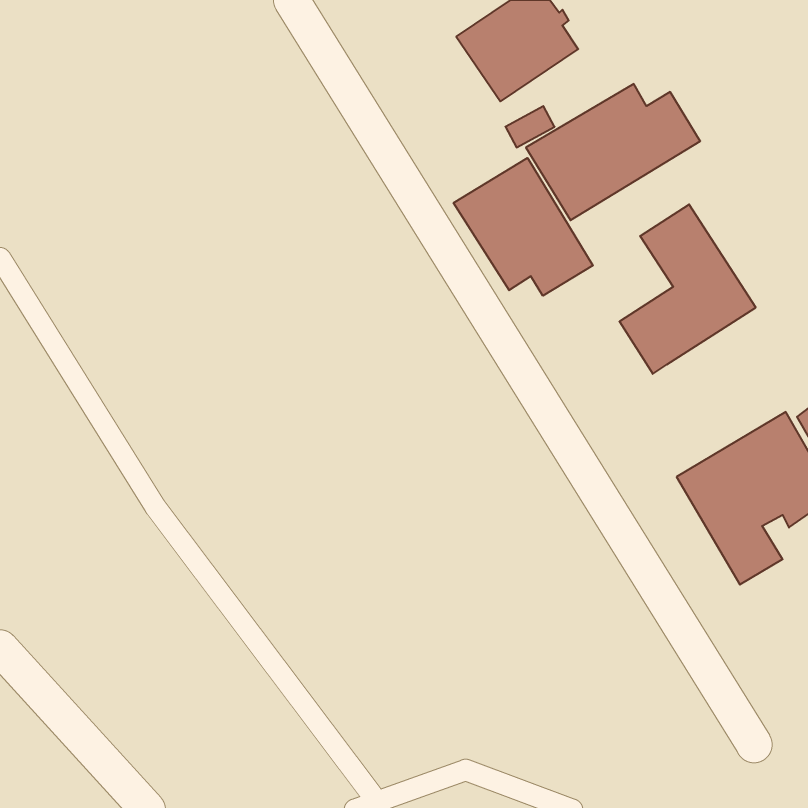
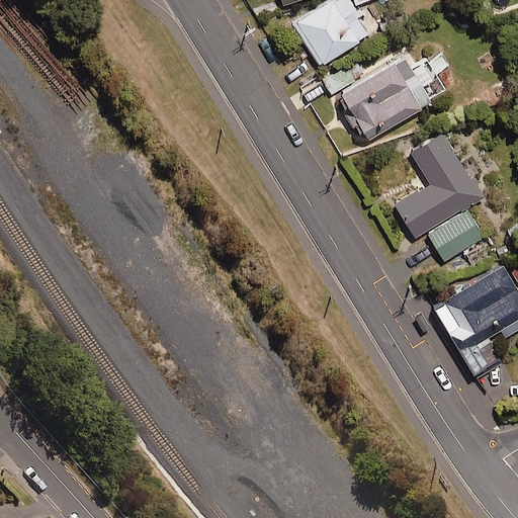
building: [454,158,593,296] -> none
building: none -> [427,208,485,262]

